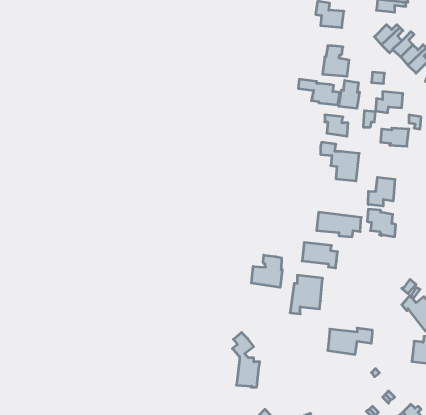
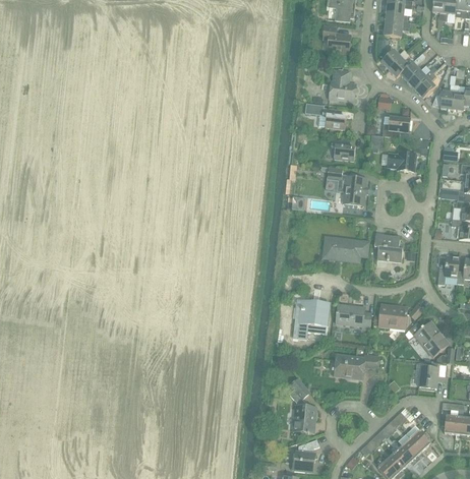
building: [339,80,359,108] -> none
building: [368,177,395,206] -> none
building: [302,243,338,268] -> [335,304,370,330]
building: [251,255,282,287] -> none
building: none -> [377,304,407,330]
building: [232,332,260,387] -> [288,377,315,432]

